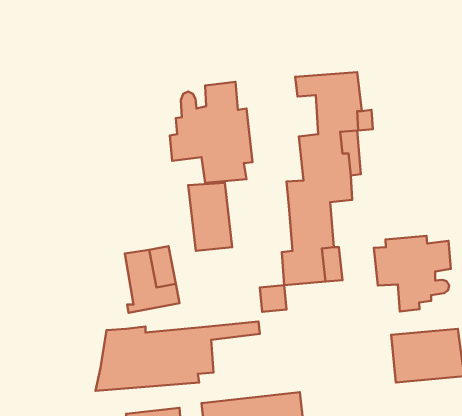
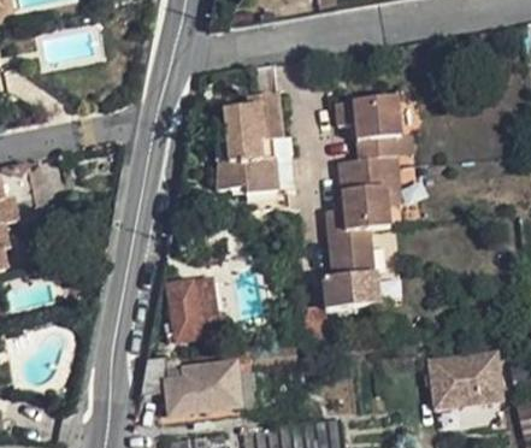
building: [188,183,232,251] -> none
building: [374,236,451,311] -> none

